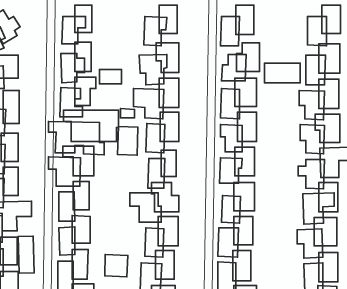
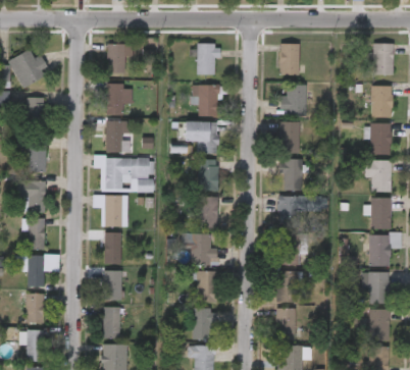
building: [264,63,300,83] -> none
building: [100,69,122,84] -> none
building: [118,127,138,155] -> none
building: [18,236,34,273] -> none
building: [105,254,128,277] -> none

